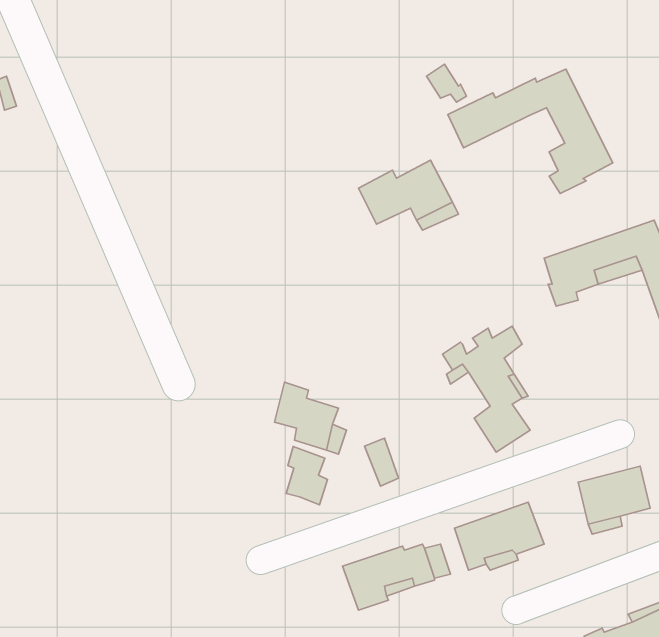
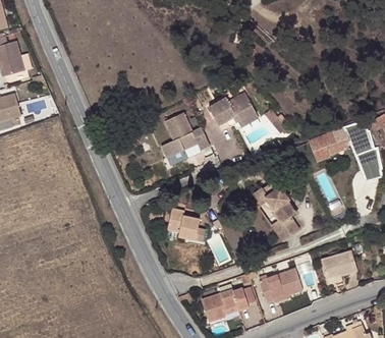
building: [448,69,613,194] -> none
building: none -> [158,113,207,158]
building: [286,446,328,505] -> none

